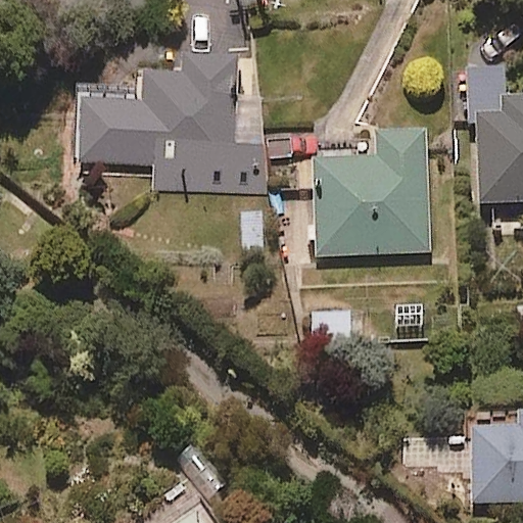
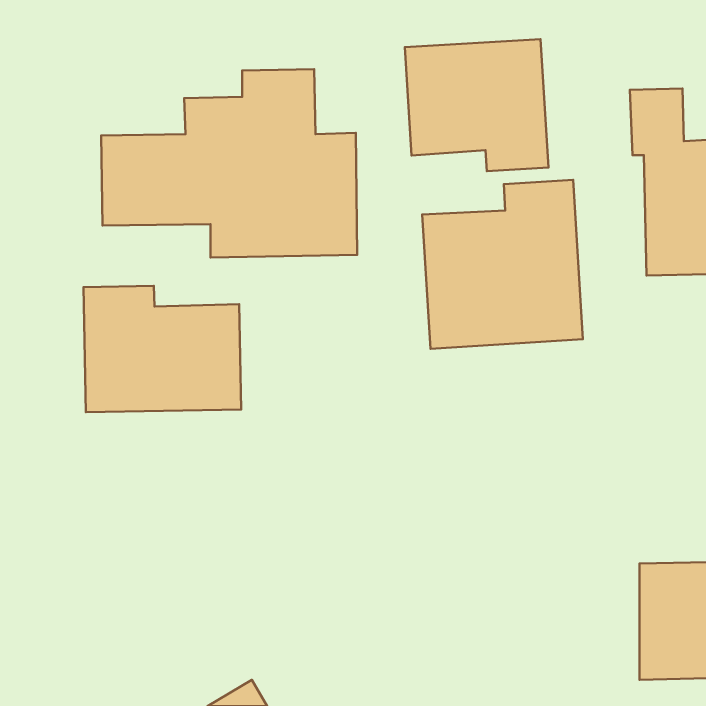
building: none -> [405,39,548,171]
building: none -> [83,286,241,412]

